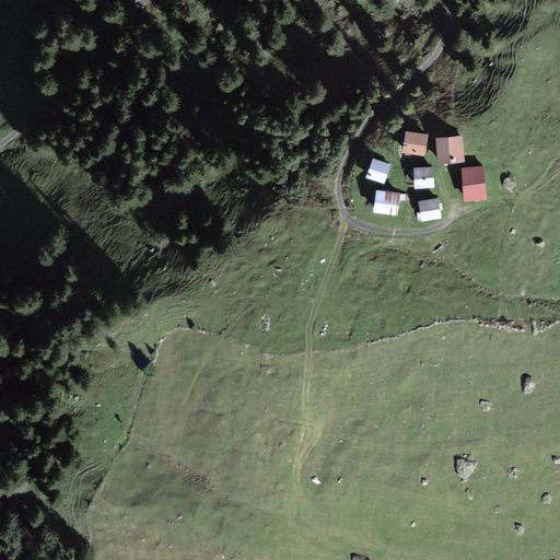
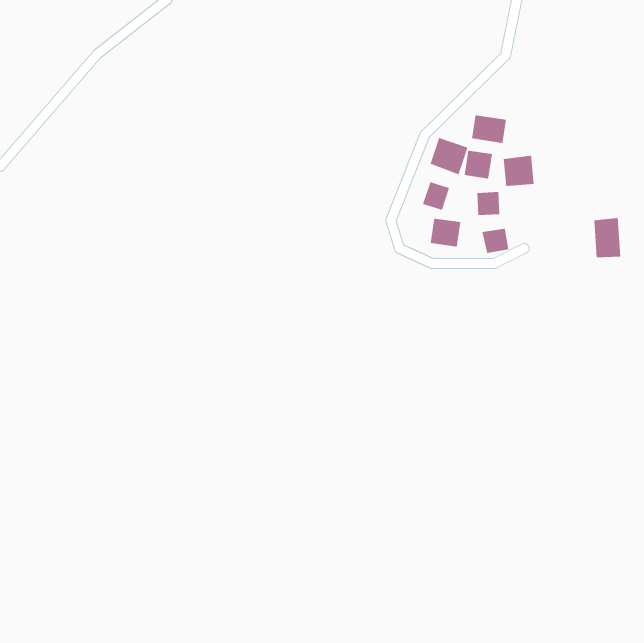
building: none -> [471,114,507,144]
building: none -> [430,137,468,175]
building: [462,165,486,200] -> [593,218,621,258]

